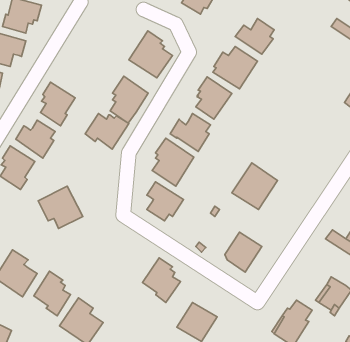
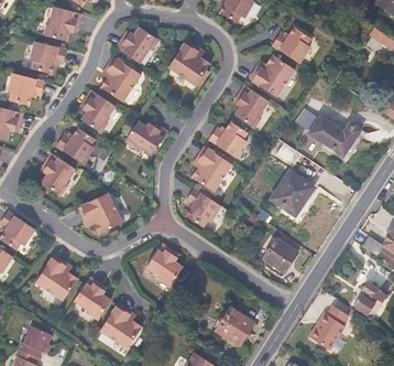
building: none -> [116,25,156,63]
building: [110,76,148,123] -> [103,57,141,104]
building: none -> [308,115,360,157]
building: [142,258,180,303] -> [145,243,183,287]

